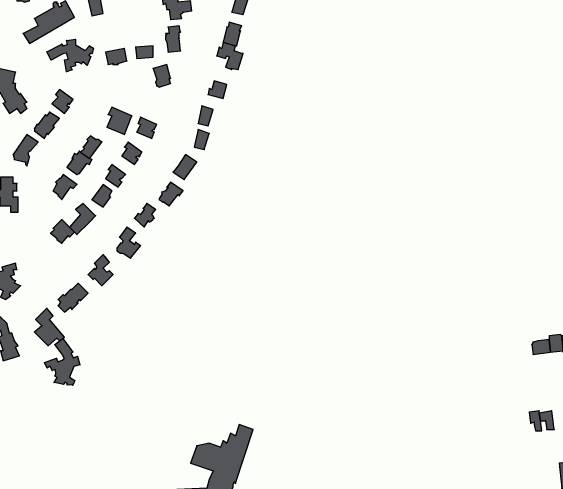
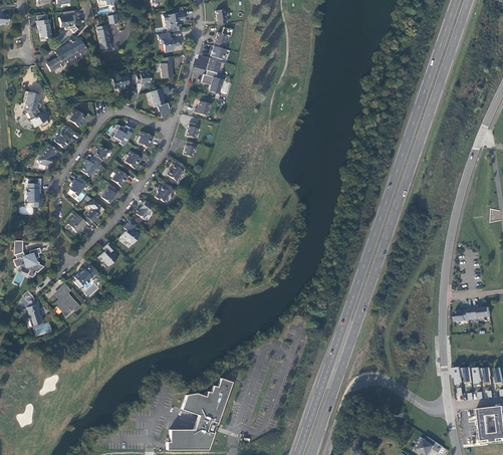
building: [47,39,93,72] -> none
building: [45,339,80,385] -> none

